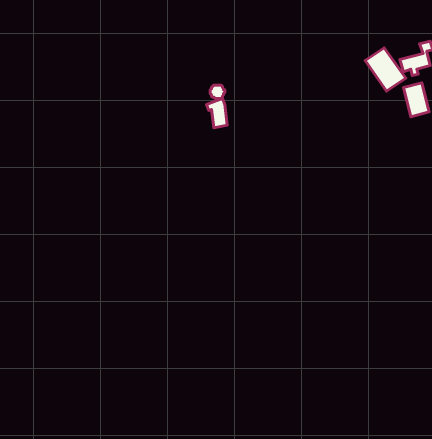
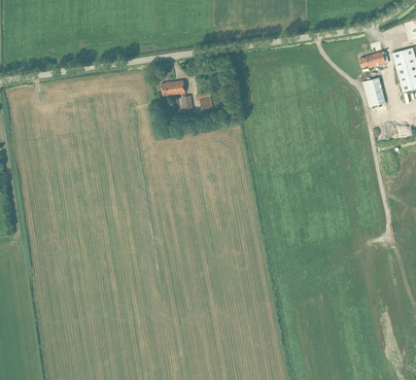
building: [365,48,406,91] -> none
building: none -> [161,80,193,112]

